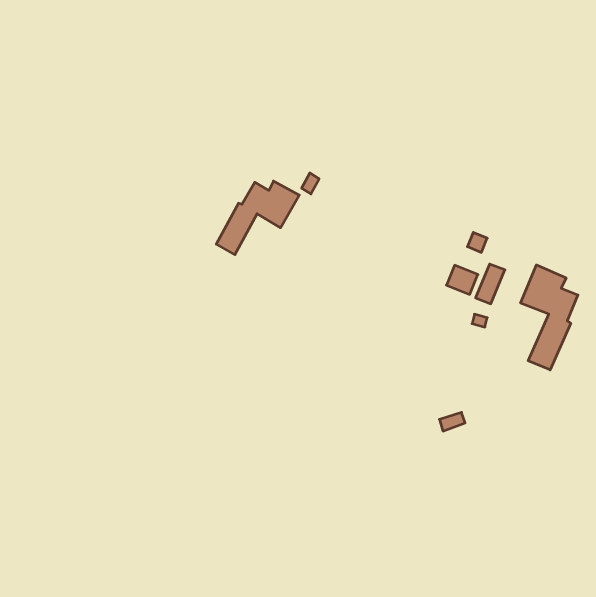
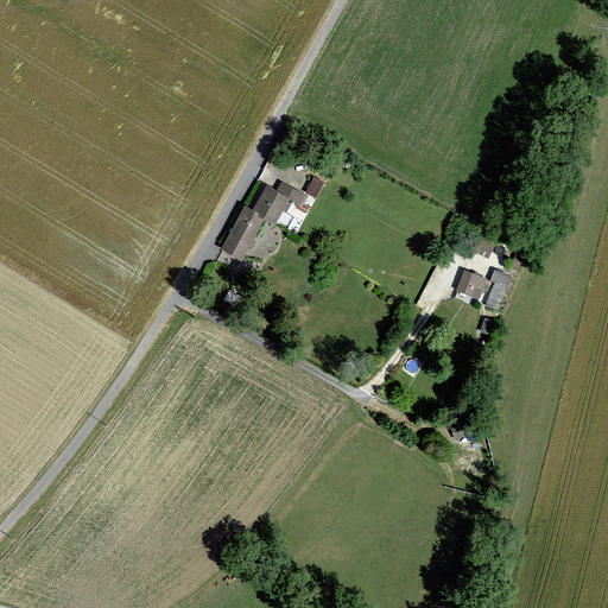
building: [521,265,578,370] -> none

